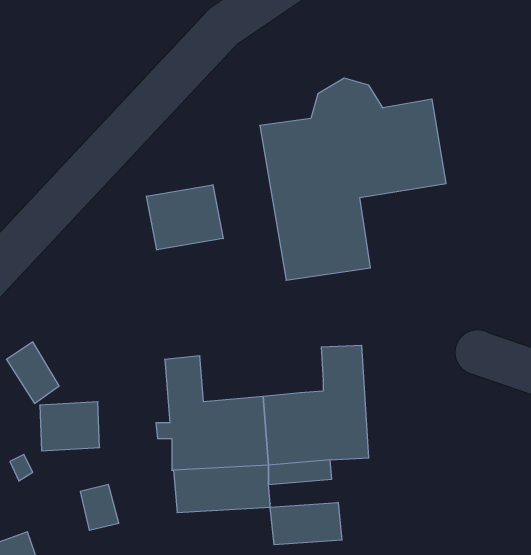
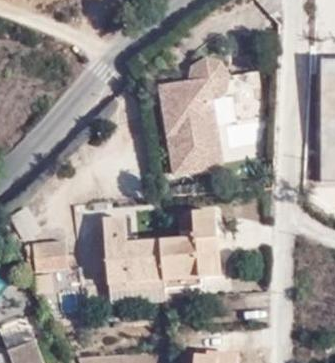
building: [146,185,223,250] -> none
building: [270,502,342,545] -> none

